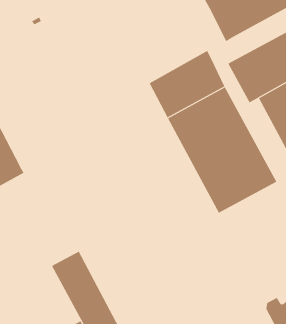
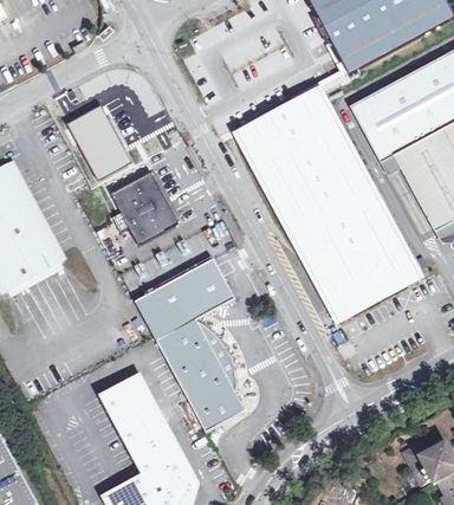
building: none -> [69,106,131,180]
building: none -> [110,173,179,246]
building: none -> [135,260,245,434]

